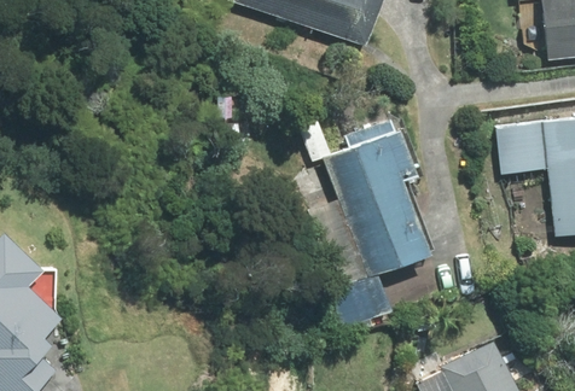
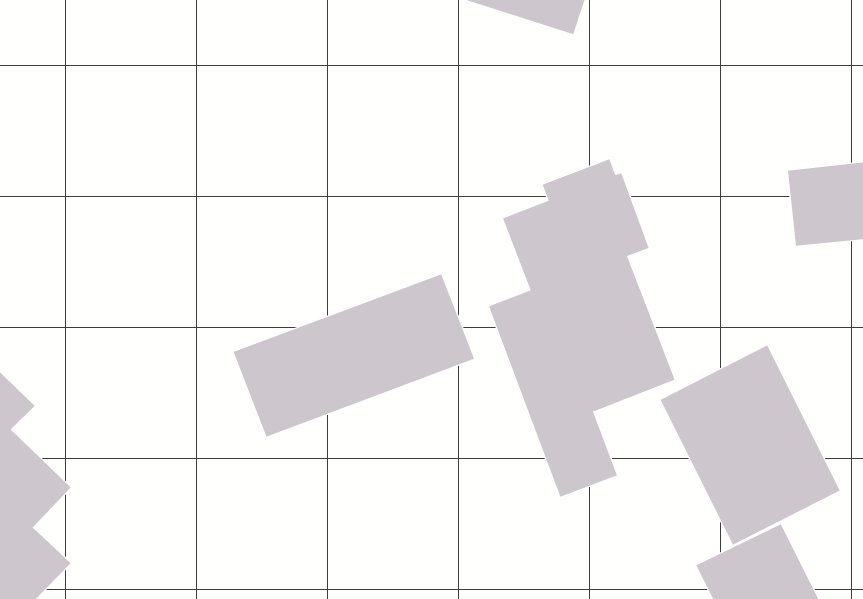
building: none -> [233,273,475,438]
building: none -> [660,345,841,545]

